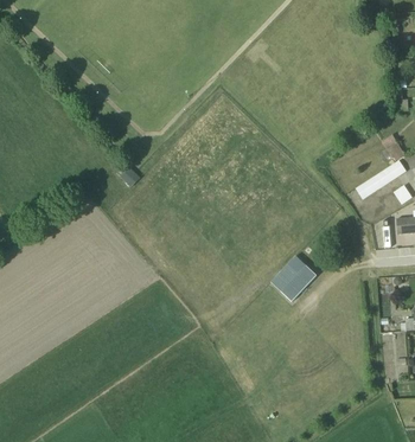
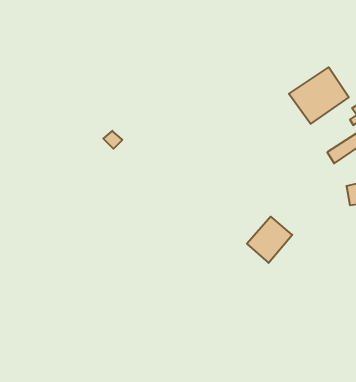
building: none -> [289,67,349,124]

